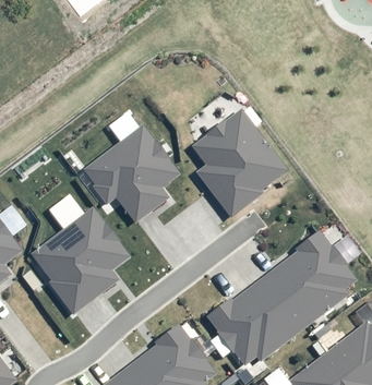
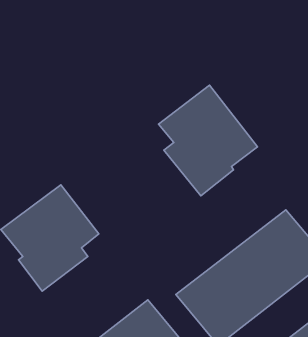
building: [82,124,179,225] -> none

